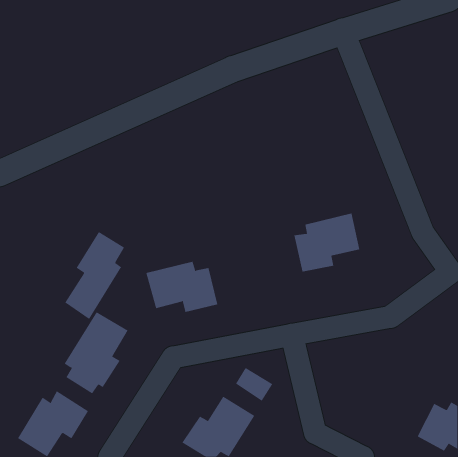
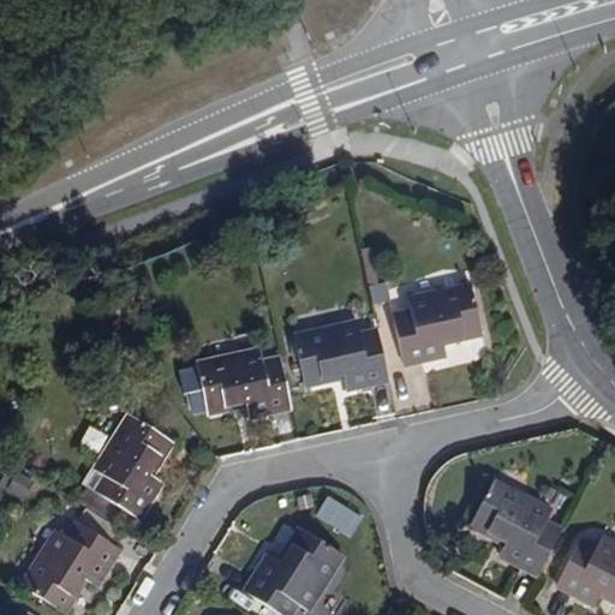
building: [64,231,125,320] -> none
building: none -> [293,323,388,389]
building: none -> [470,480,562,575]

